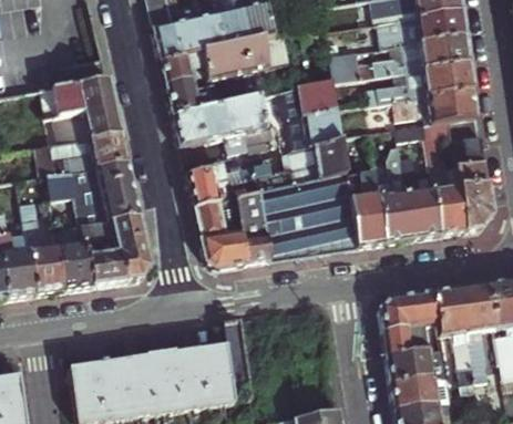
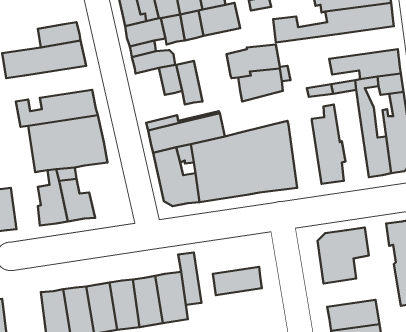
building: [358,61,474,104] -> none
building: [240,96,276,149] -> none
building: [47,106,124,145] -> none
building: [174,108,209,161] -> none
building: [287,135,348,183] -> none
building: [401,148,441,238] -> none
building: [349,169,387,246] -> none
building: [25,200,65,293] -> none
building: [115,217,152,280] -> none
building: [437,287,478,383] -> none
building: none -> [213,267,262,295]
building: [389,347,449,382] -> none

